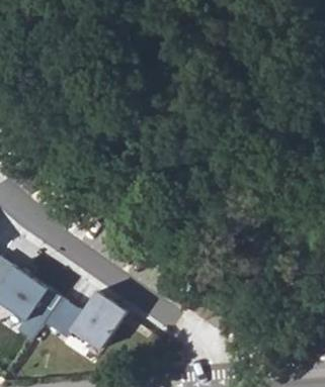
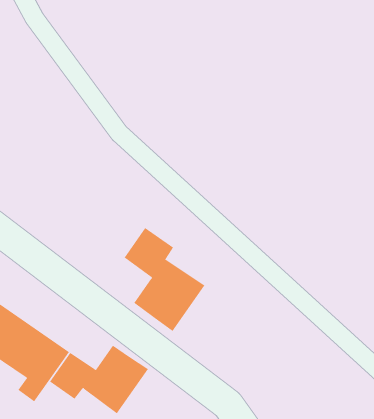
building: none -> [124,227,205,332]

